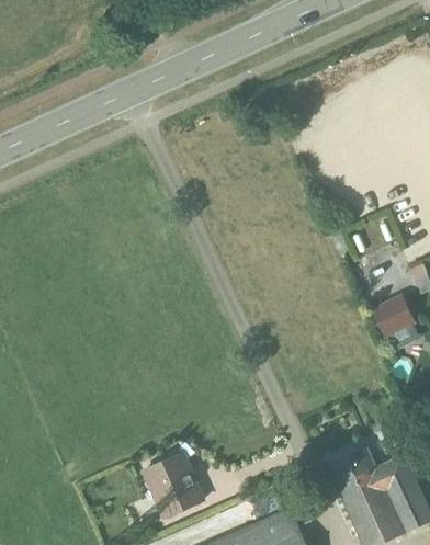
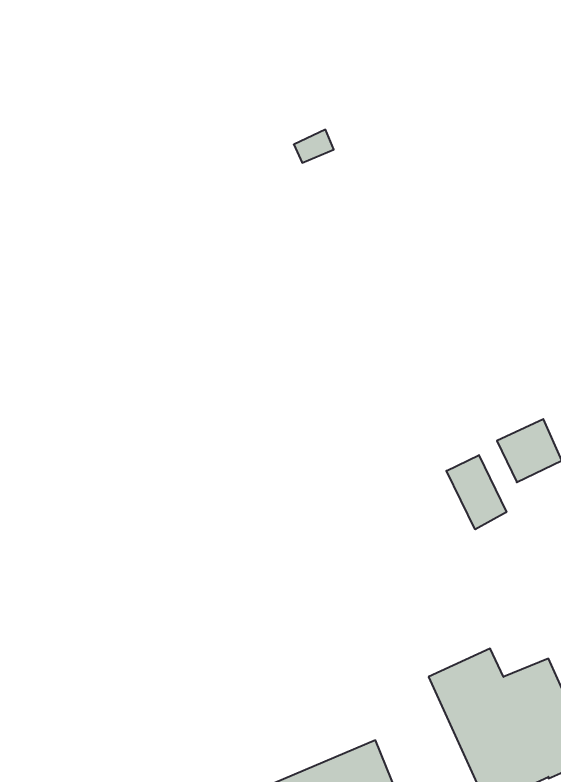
building: none -> [446,455,506,529]
building: [144,454,204,519] -> none

